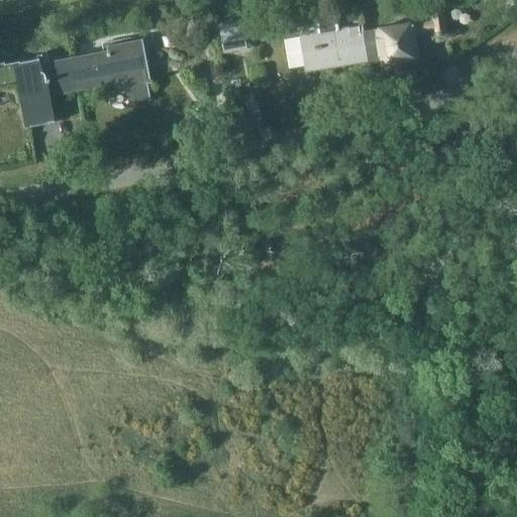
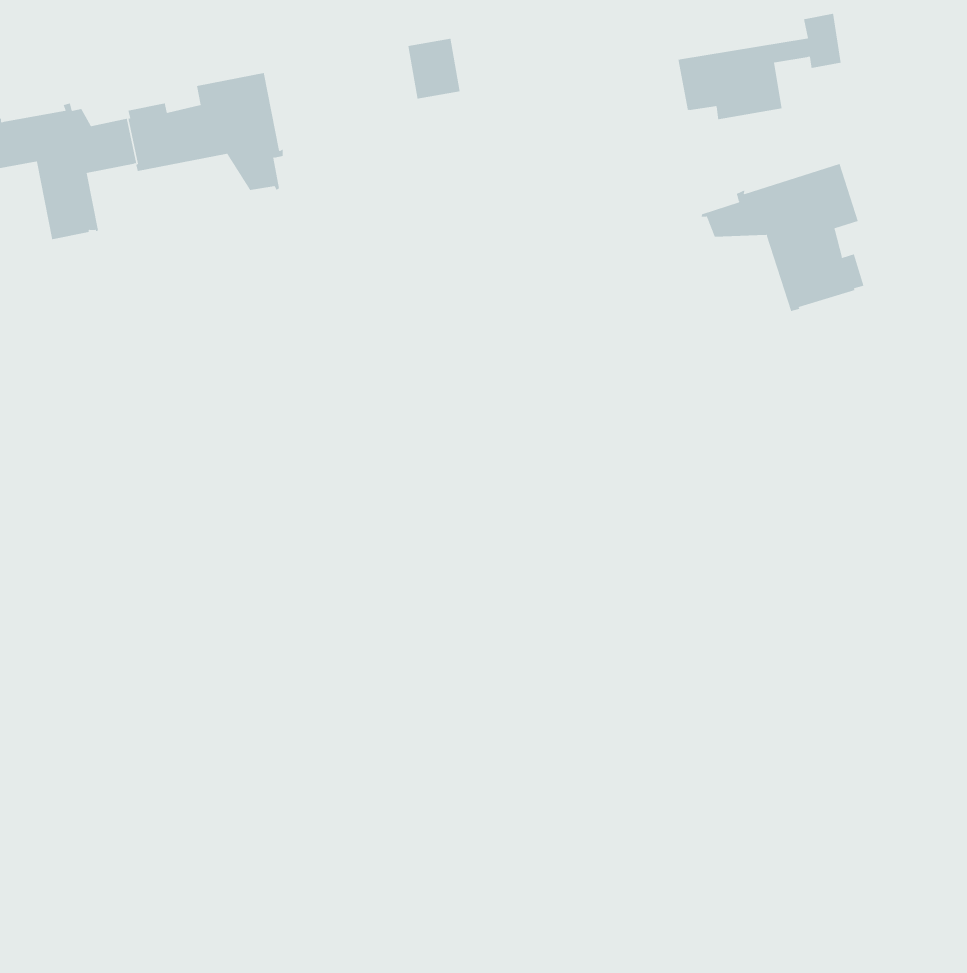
building: [298,15,367,70] -> none
building: none -> [701,163,864,312]

